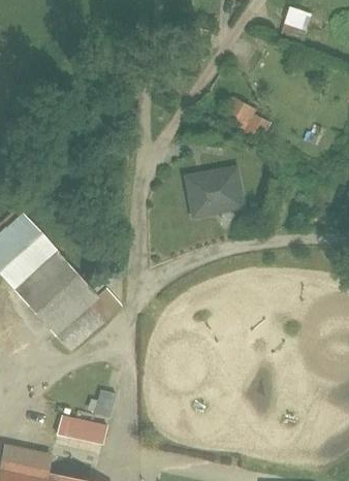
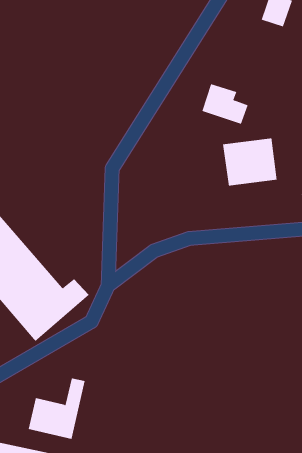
building: [189,167,245,216] -> [222,138,277,186]

